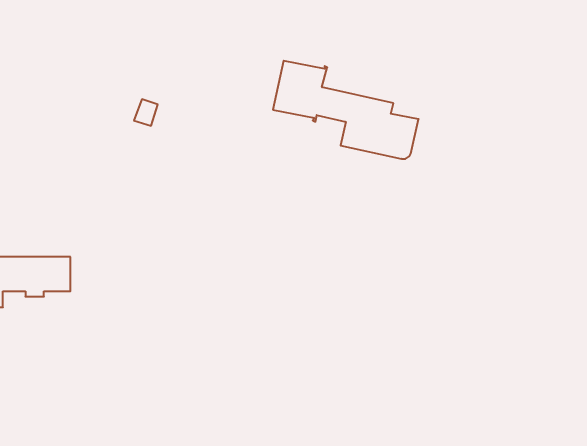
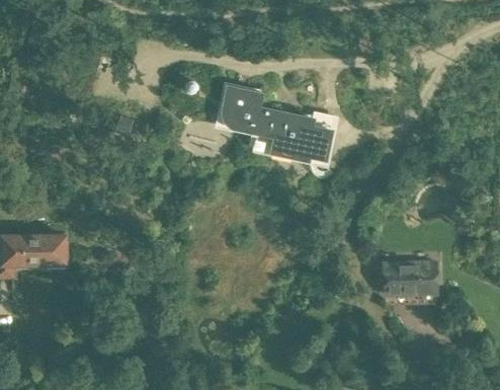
building: none -> [384,263,436,295]

